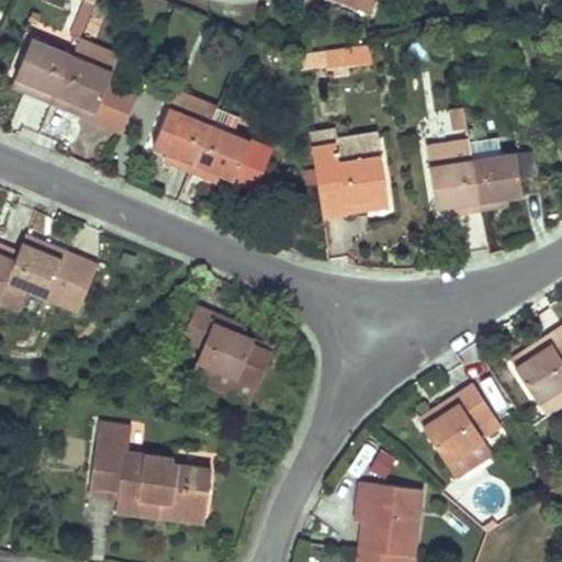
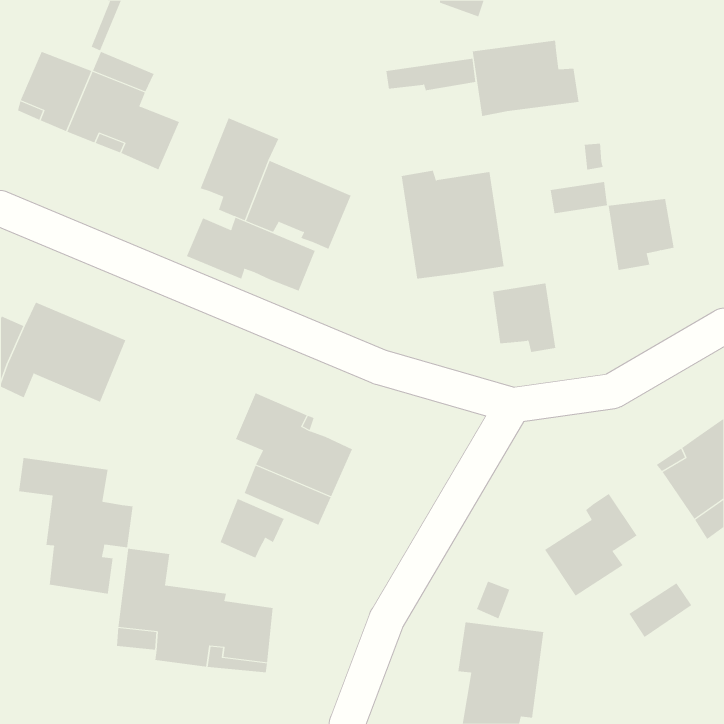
building: none -> [472,40,579,117]
building: [429,159,479,213] -> [492,283,556,352]
building: none -> [186,217,315,291]
building: none -> [18,457,133,595]
building: none -> [220,498,284,559]
building: [446,438,495,481] -> [629,583,692,638]

